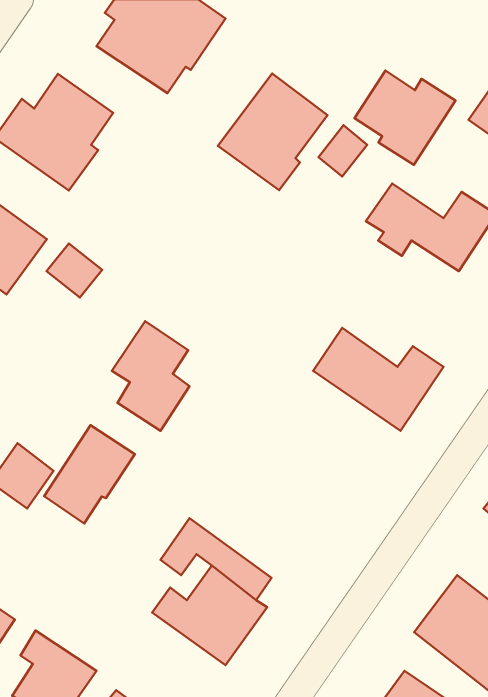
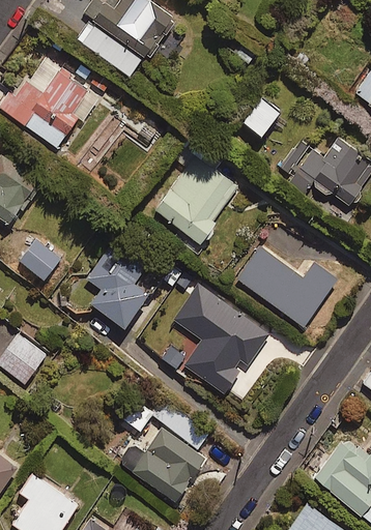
building: [355,71,456,165] -> none
building: [218,74,328,190] -> [154,156,236,243]
building: [47,243,102,298] -> [19,240,60,281]
building: none -> [170,285,268,393]
building: [44,425,135,523] -> none

